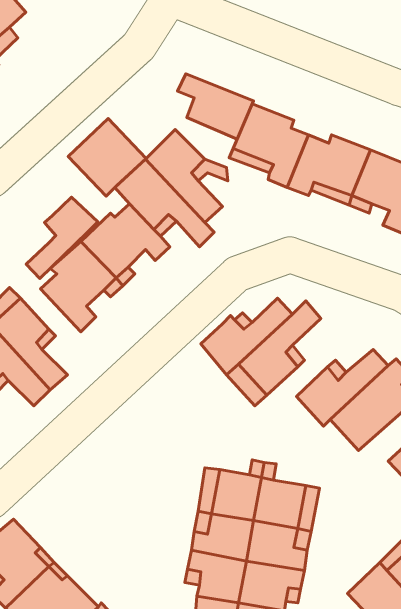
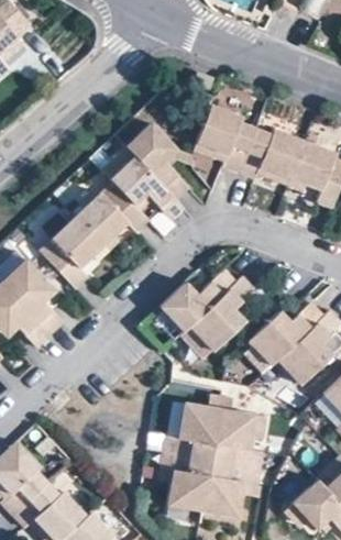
building: [178,74,253,139] -> none
building: [68,119,146,196] -> none
building: [26,197,98,278] -> none

